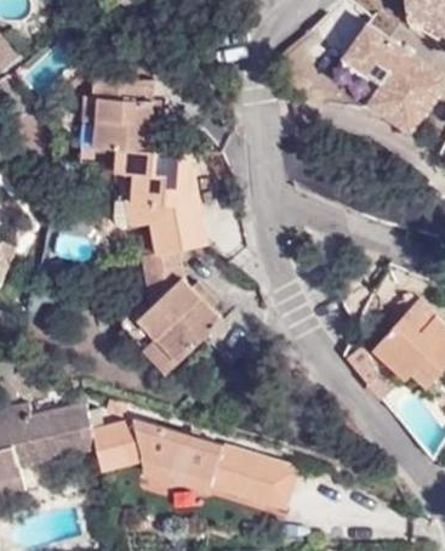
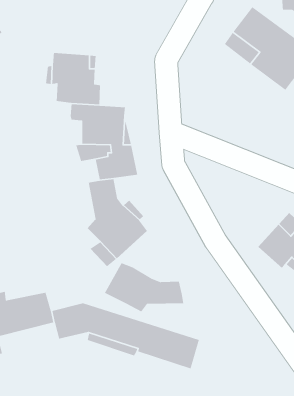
building: none -> [104,262,184,313]

